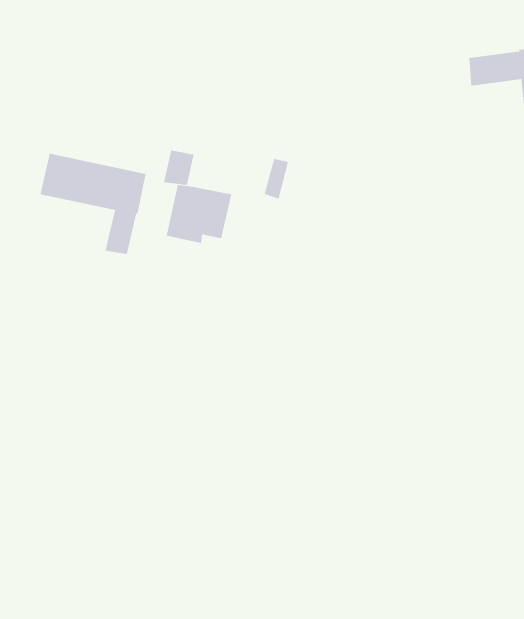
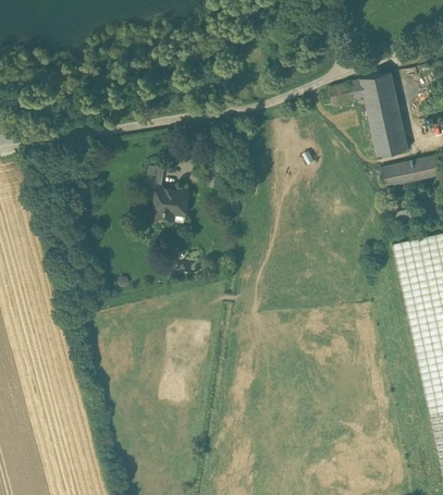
building: [40,153,146,255] -> none

